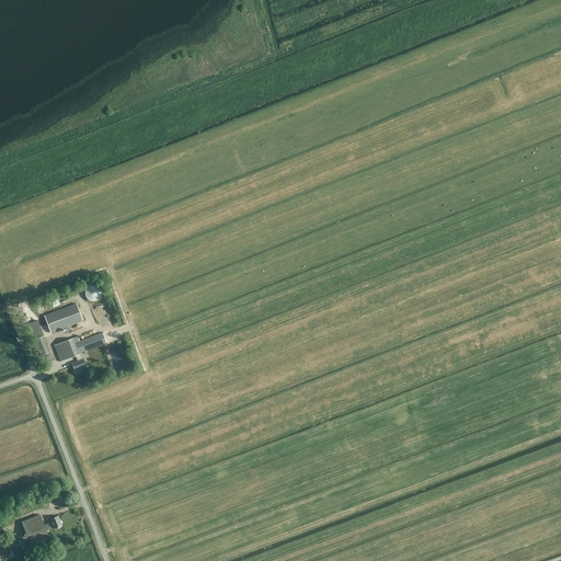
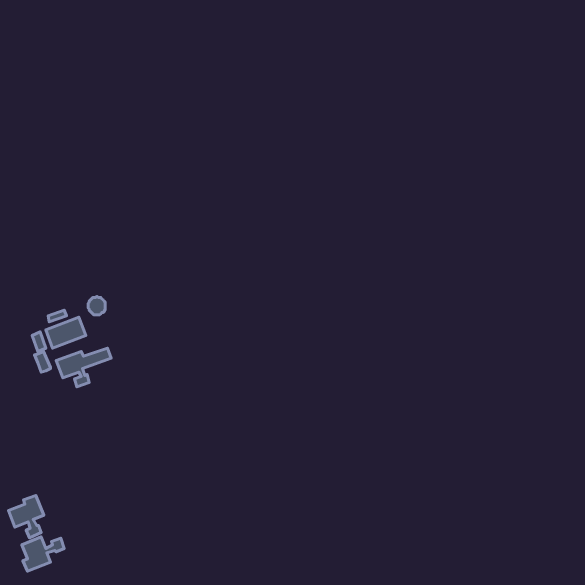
building: none -> [9,495,44,538]

